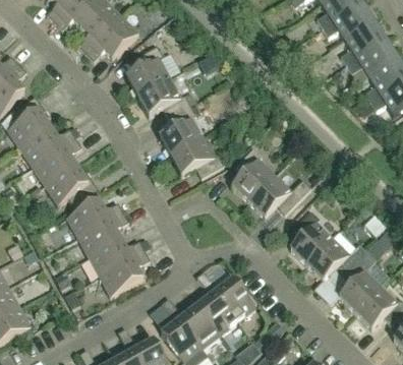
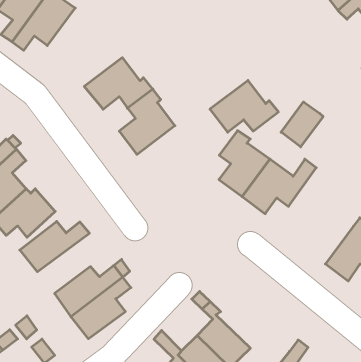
building: [125,44,170,95] -> none
building: none -> [281,102,323,147]
building: [170,136,224,177] -> [210,80,278,132]
building: [290,209,333,263] -> none
building: [77,211,128,255] -> none
building: [214,278,254,321] -> none

